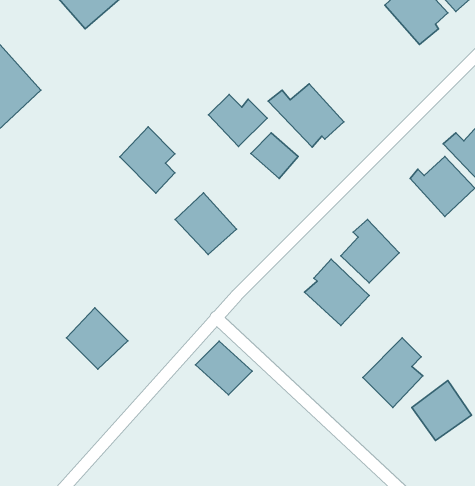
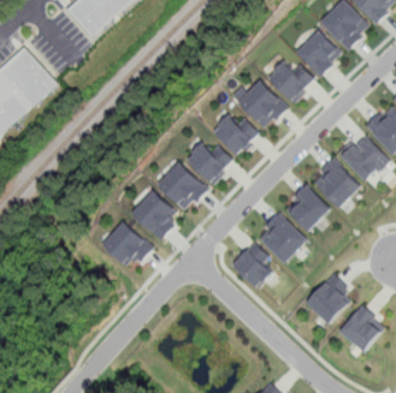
building: none -> [294,30,339,78]
building: none -> [267,55,314,102]
building: [209,94,267,146] -> [187,144,231,184]
building: [120,127,175,193] -> [131,191,173,242]
building: none -> [313,157,361,209]
building: [66,308,128,369] -> [102,222,149,269]
building: [195,341,252,395] -> [231,249,274,290]

